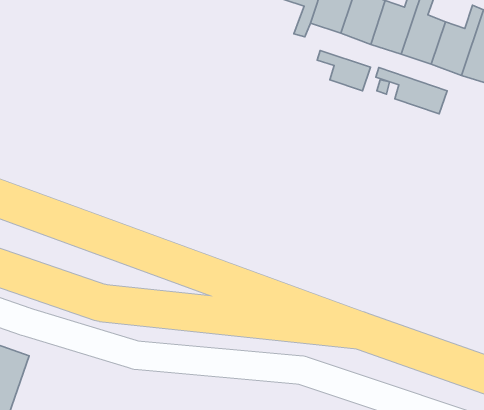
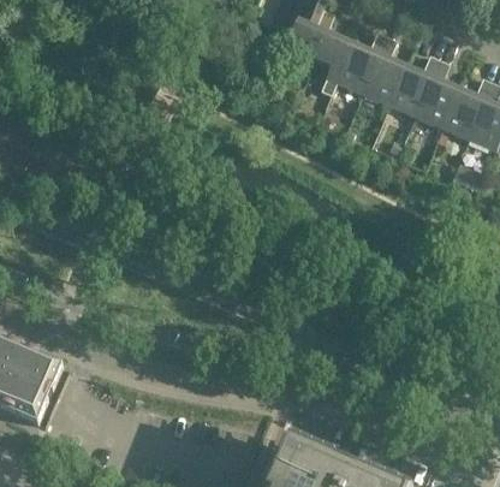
building: [317,50,371,91] -> none
building: [376,68,447,114] -> none

